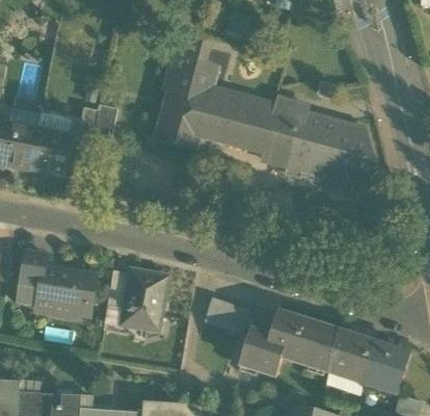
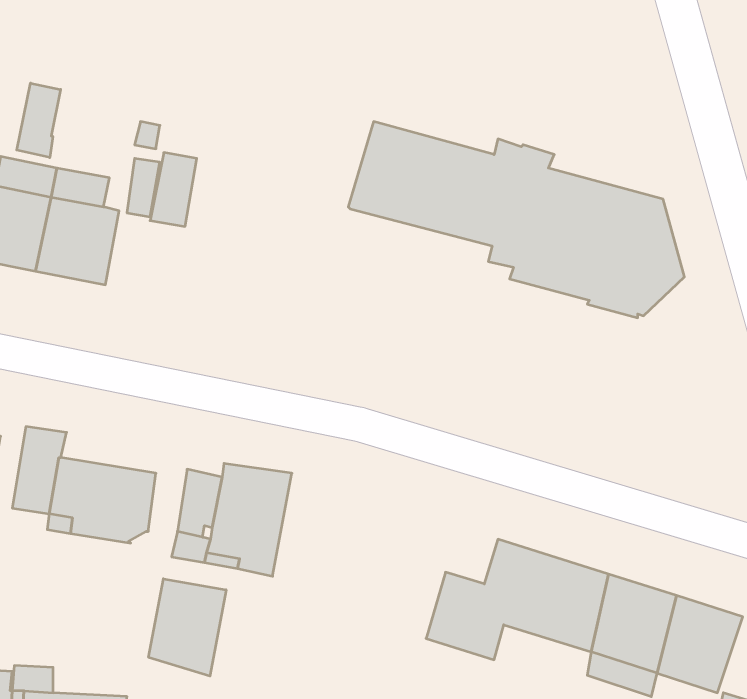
building: [157,37,217,147] -> none
building: none -> [17,83,61,158]
building: [206,296,251,332] -> none
building: none -> [149,579,226,676]

